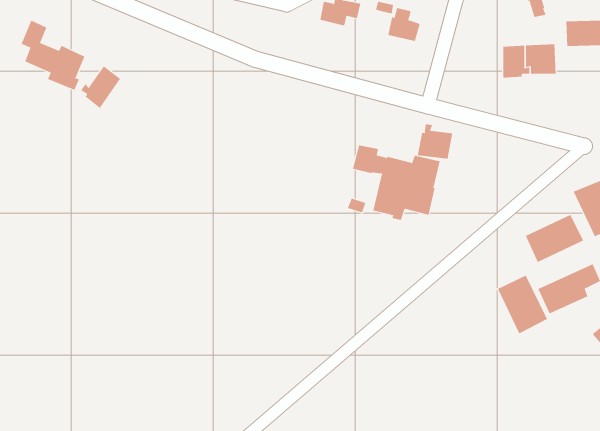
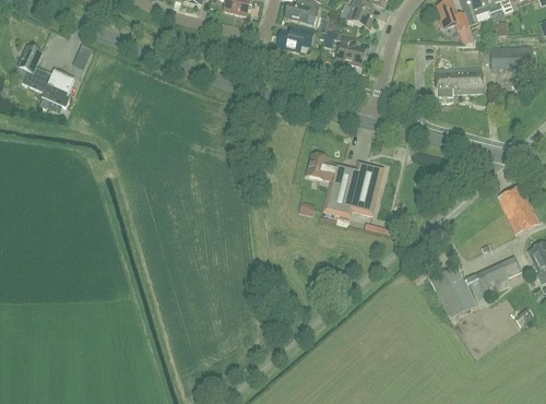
building: [80,65,121,109] -> none
building: [417,124,453,159] -> none
building: [525,214,584,263] -> none

